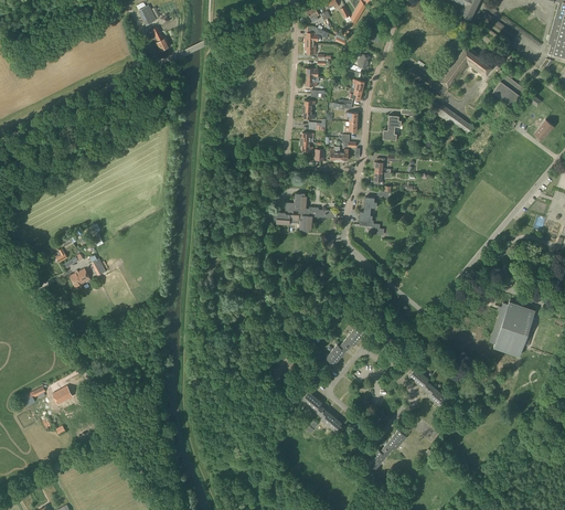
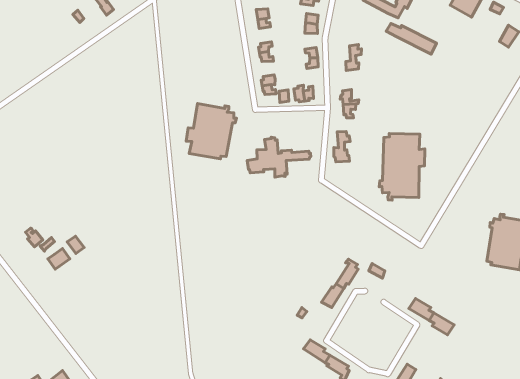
building: none -> [186,104,237,159]
building: none -> [379,134,425,200]

